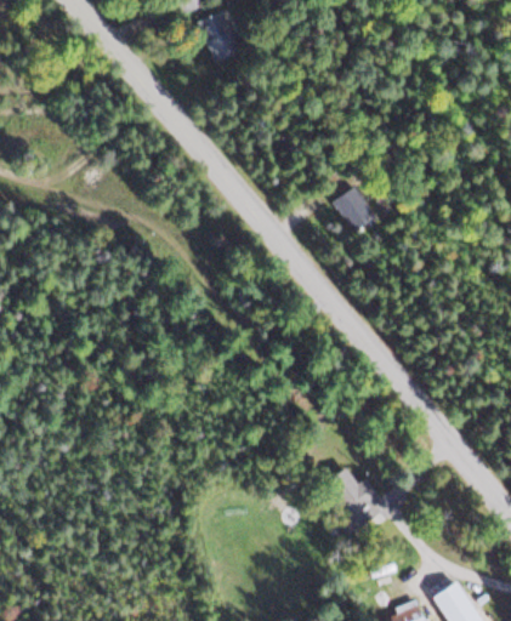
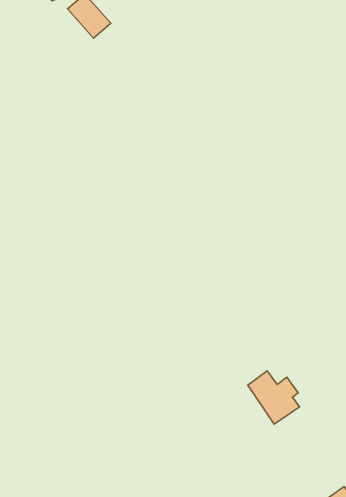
building: [331,184,375,230] -> none

